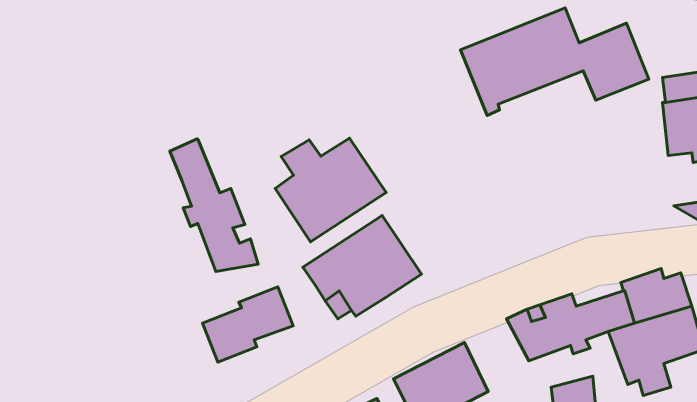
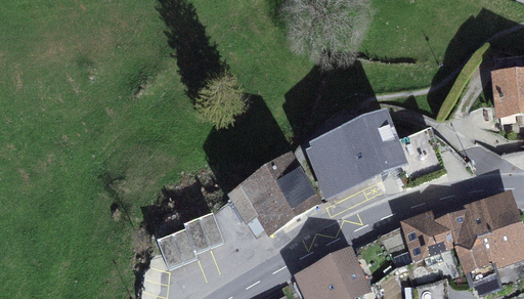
building: [461,8,649,115] -> [307,119,445,198]
building: [275,138,386,242] -> none
building: [170,139,258,271] -> none

